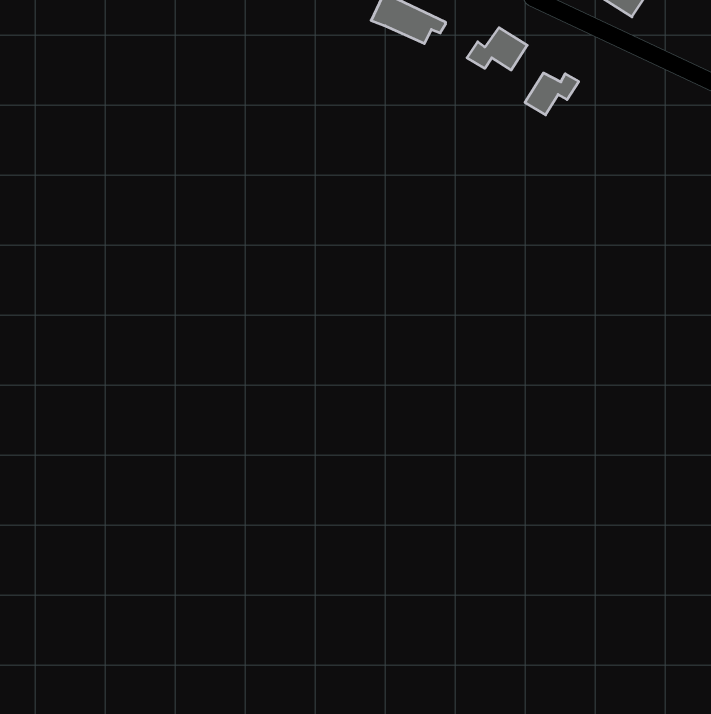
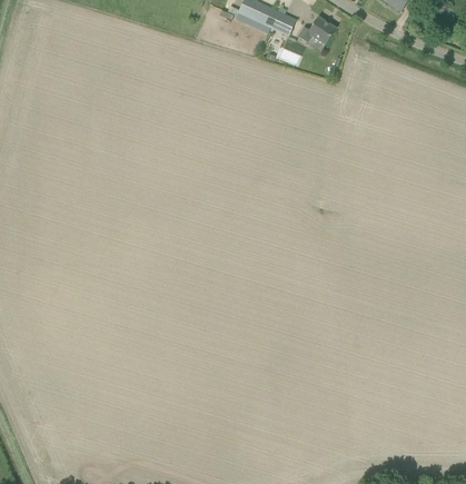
building: [525,73,579,115] -> none

